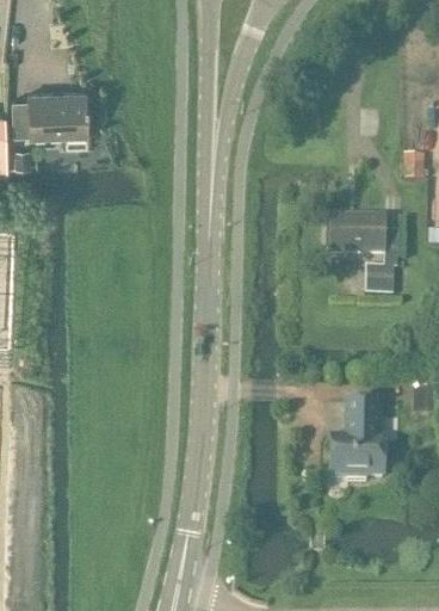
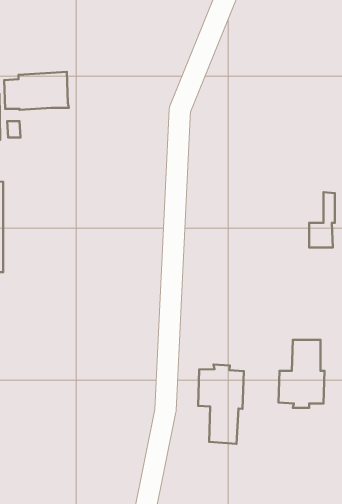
building: [328,218,381,255] -> none
building: none -> [198,364,244,444]

